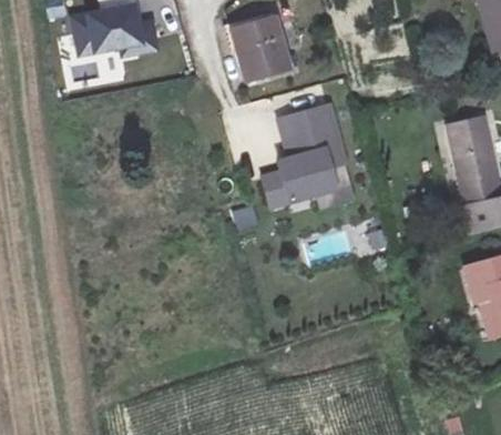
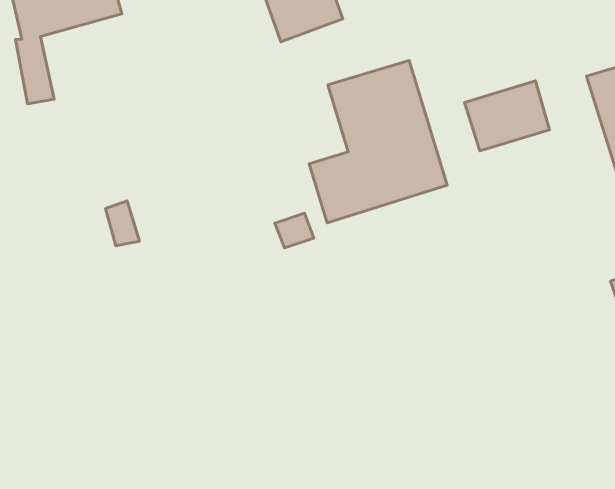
building: none -> [465,81,550,151]

